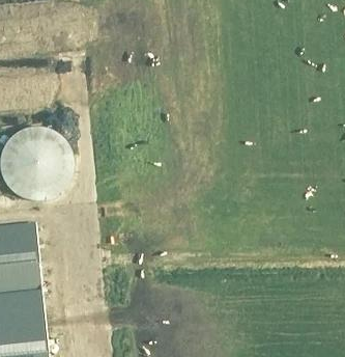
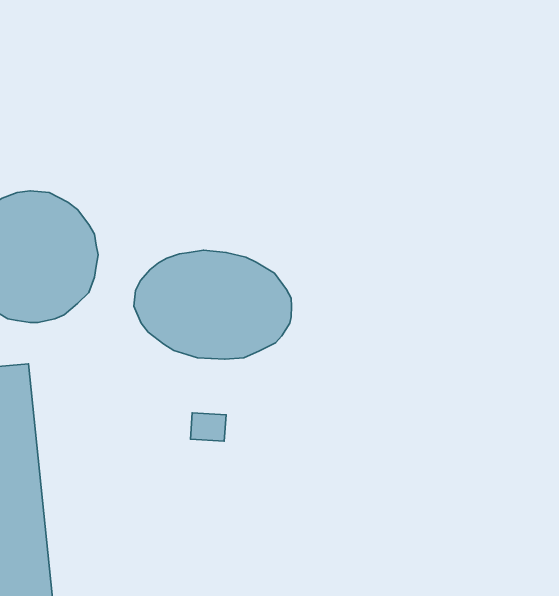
building: none -> [134,250,292,359]

